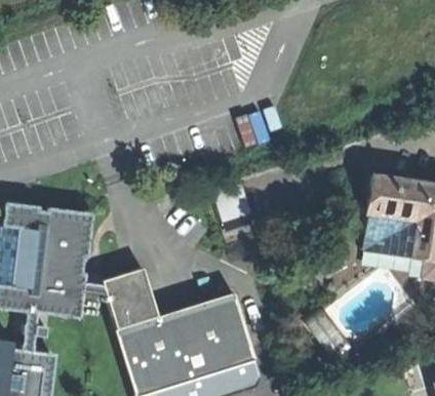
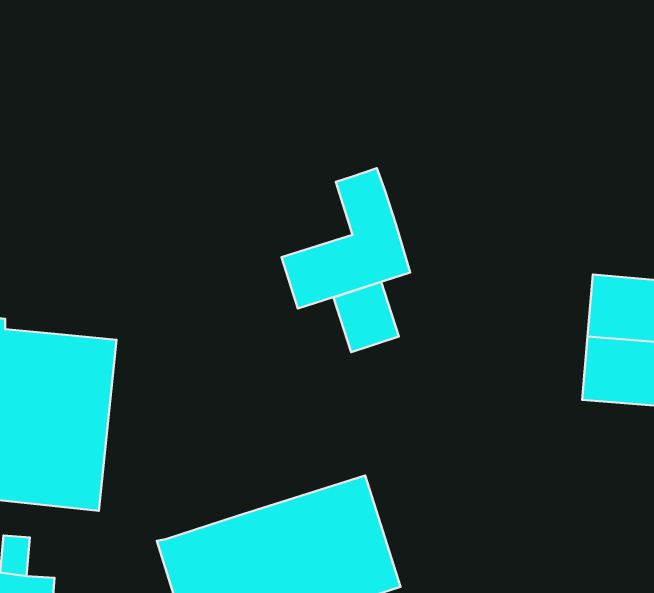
building: none -> [281,168,410,309]
building: [103,269,160,332] -> none

